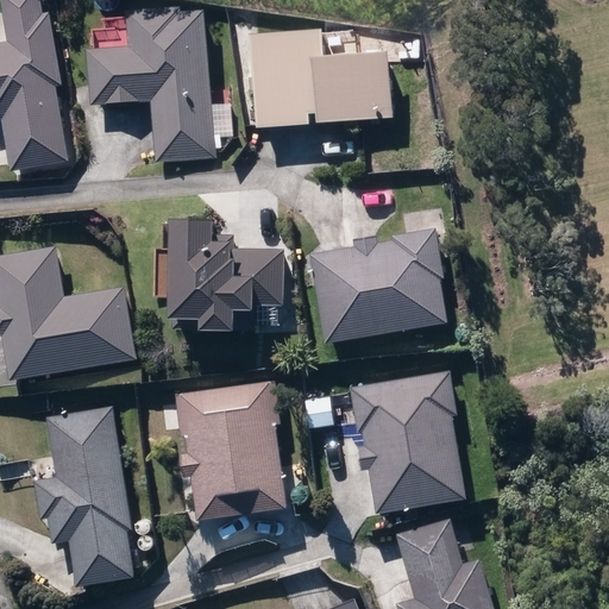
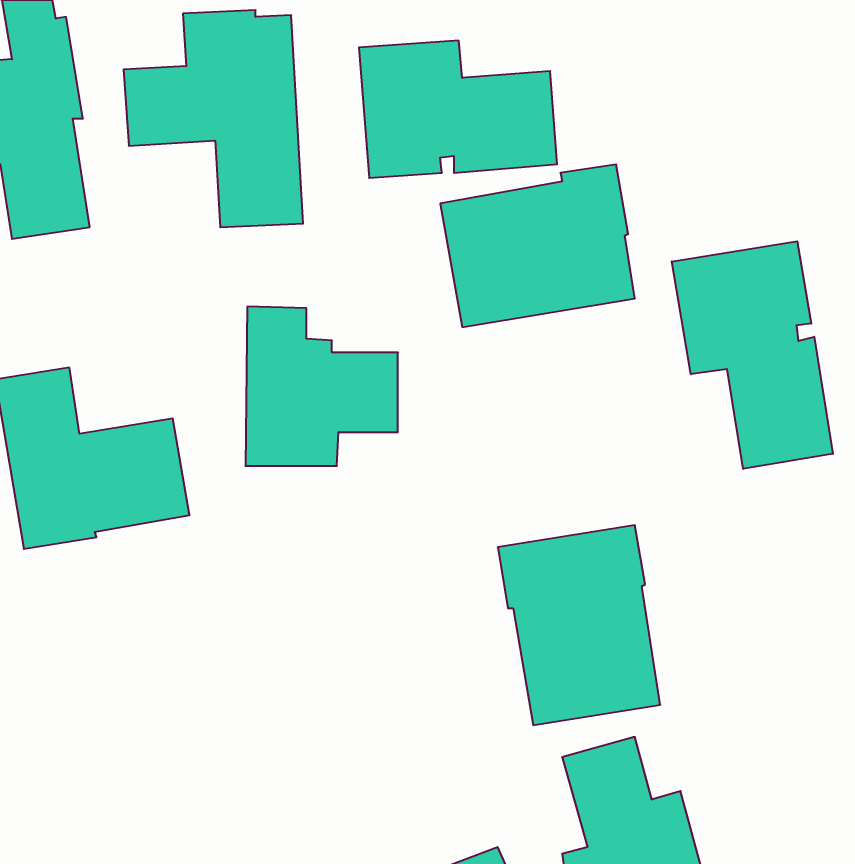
building: none -> [672,241,833,469]
building: [309,228,446,343] -> [440,165,635,327]
building: [174,379,284,516] -> none
building: [34,406,131,580] -> none

